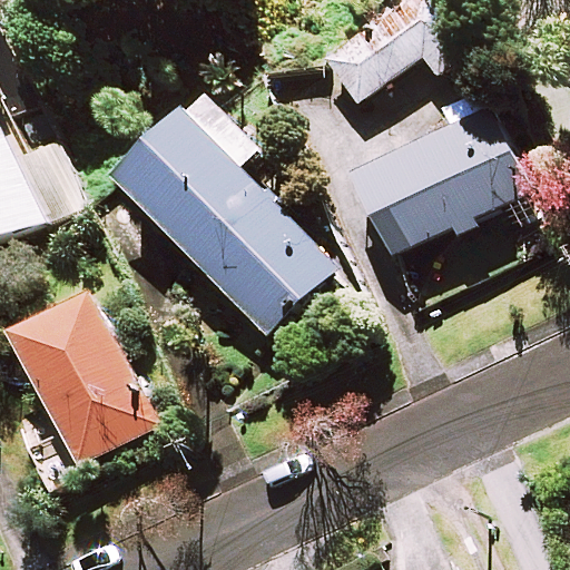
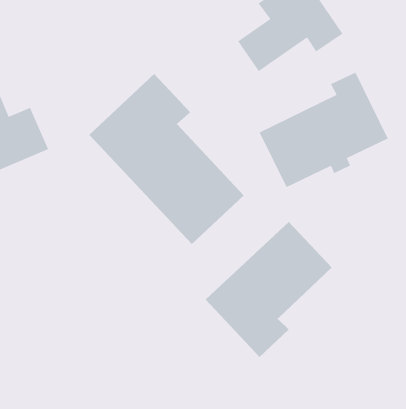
building: [6,293,157,488] -> none
building: none -> [205,221,332,358]

